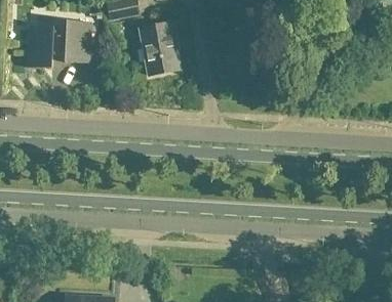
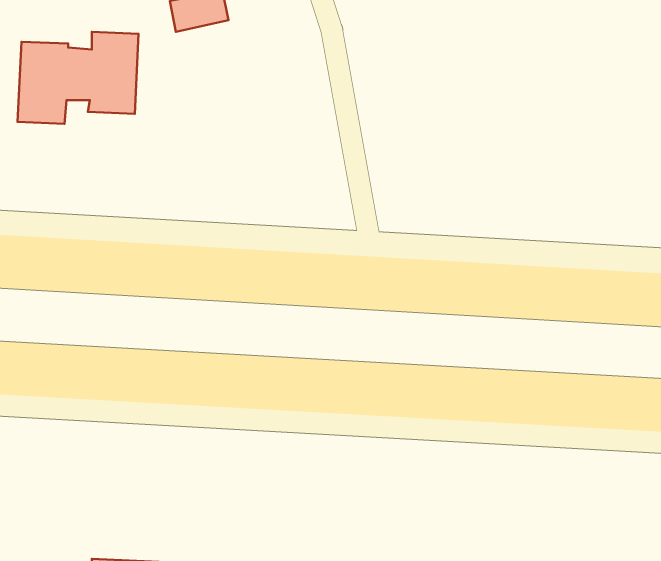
building: [139,21,178,74] -> none

